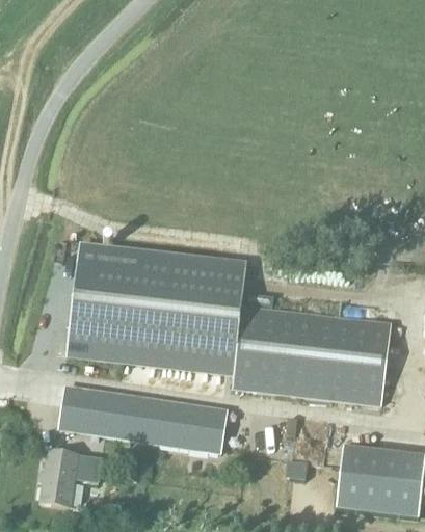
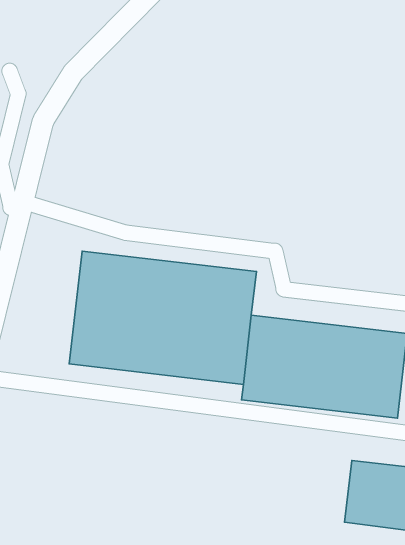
building: [60,388,228,452] -> none
building: [41,450,103,508] -> none

